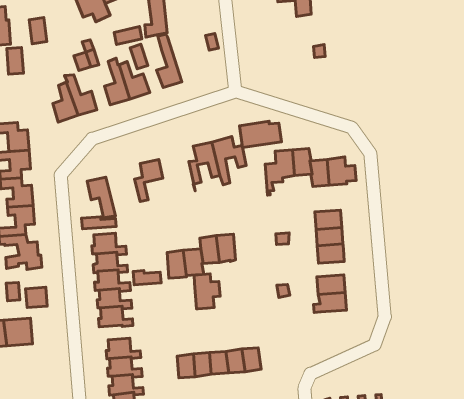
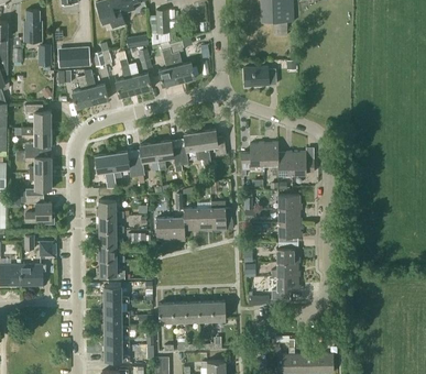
building: none -> [170,42,195,83]
building: none -> [59,48,90,66]
building: [240,121,281,147] -> [243,67,276,87]
building: none -> [155,141,183,173]
building: none -> [111,152,138,187]
building: [194,274,220,309] -> [211,202,231,230]
building: none -> [272,277,298,300]

